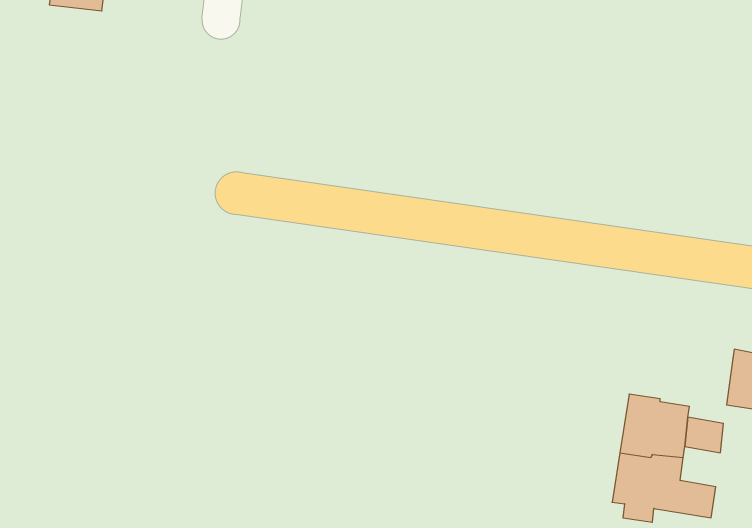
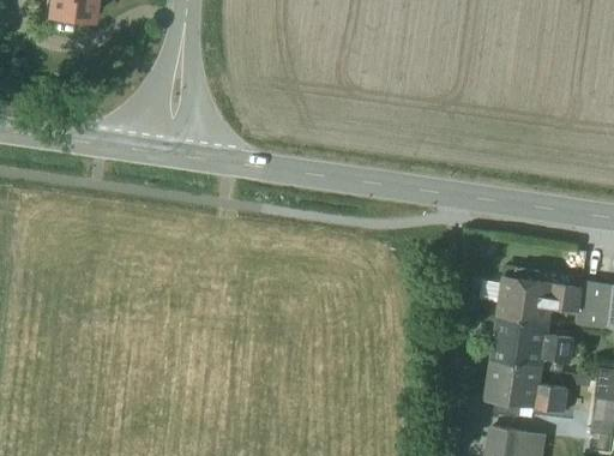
building: none -> [500,269,582,325]

